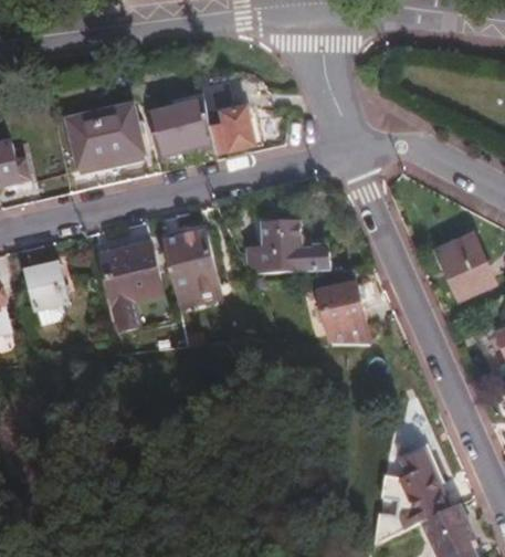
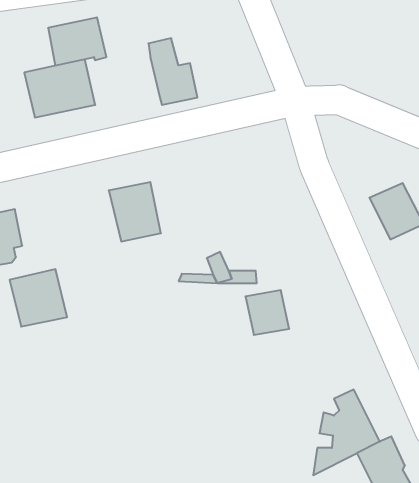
building: [152,102,214,153] -> [48,17,106,65]
building: [245,218,312,275] -> none
building: [99,242,160,303] -> [10,269,67,327]
building: [318,284,365,332] -> [245,290,289,335]

